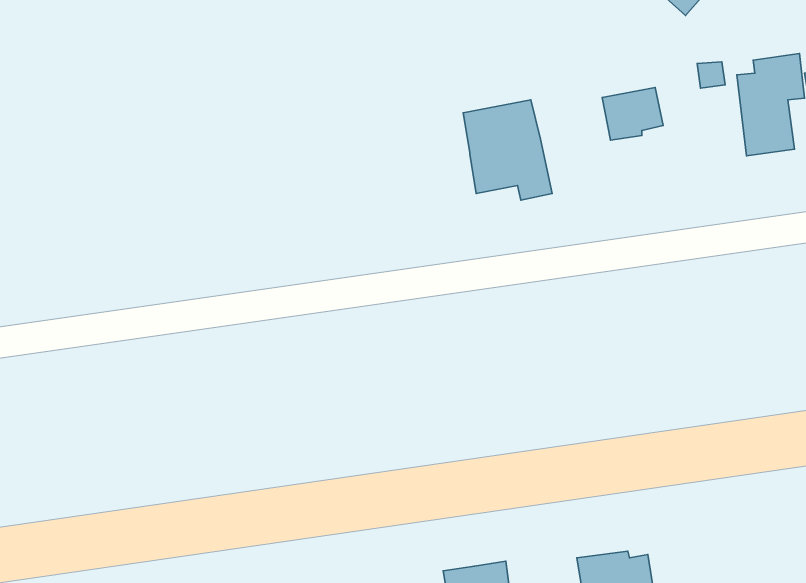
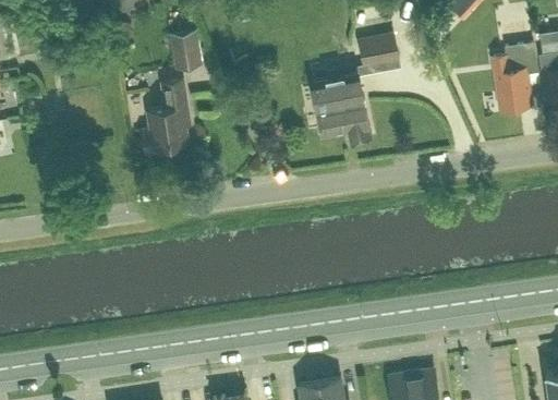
building: none -> [170,29,201,69]
building: [602,88,663,140] -> [357,34,398,69]
building: none -> [142,81,186,155]

